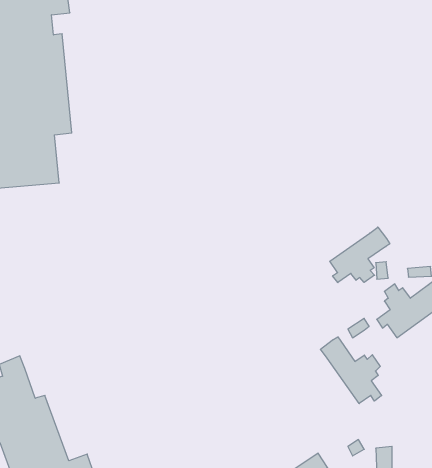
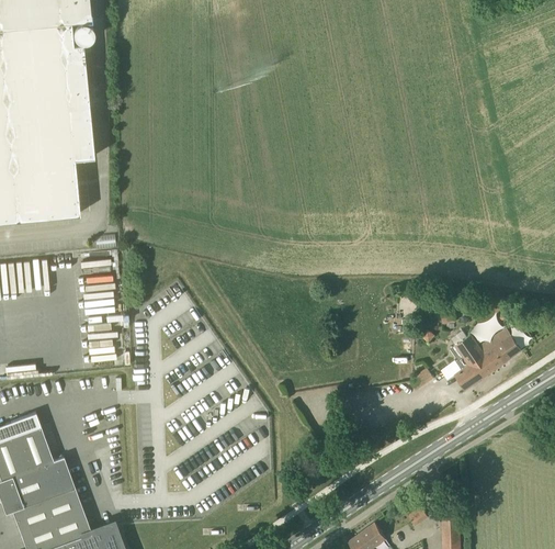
building: [330,227,390,283] -> none
building: [320,337,382,404] -> none

